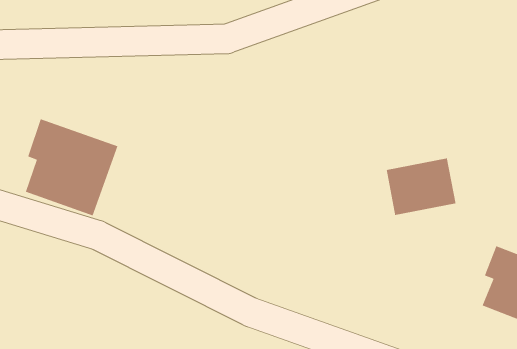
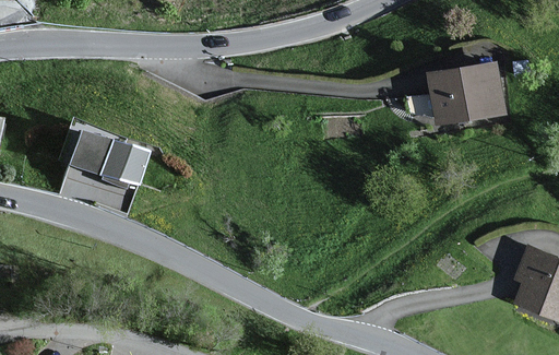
building: [386,157,456,216] -> [427,68,497,126]

